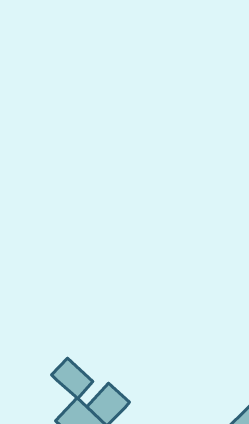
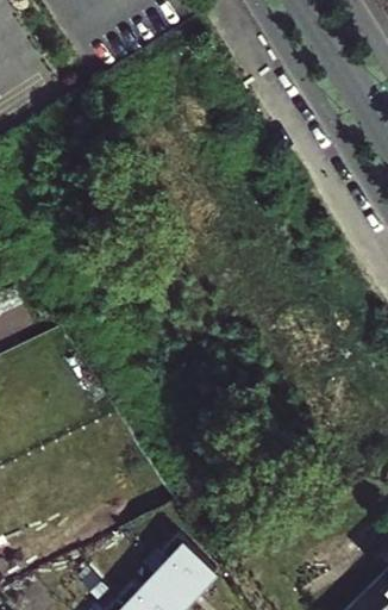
building: [52,358,93,398] -> none

